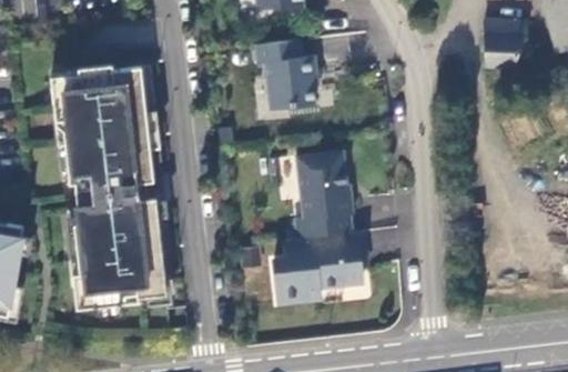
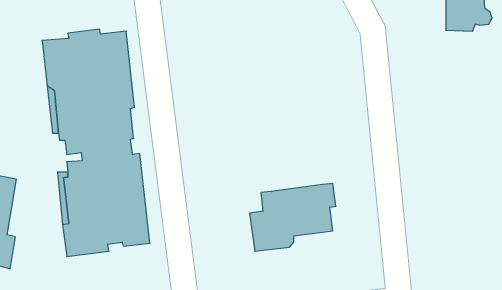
building: [255,41,317,112] -> none
building: [295,151,354,240] -> none

